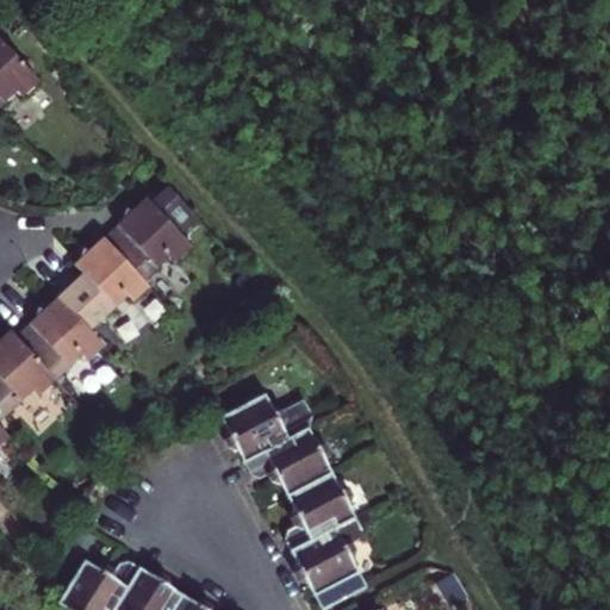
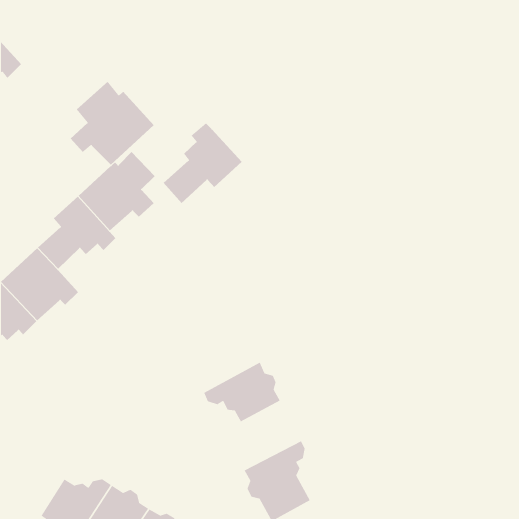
building: none -> [70,81,155,165]
building: none -> [163,123,242,204]
building: [222,394,311,463] -> none
building: [286,473,359,553] -> none

